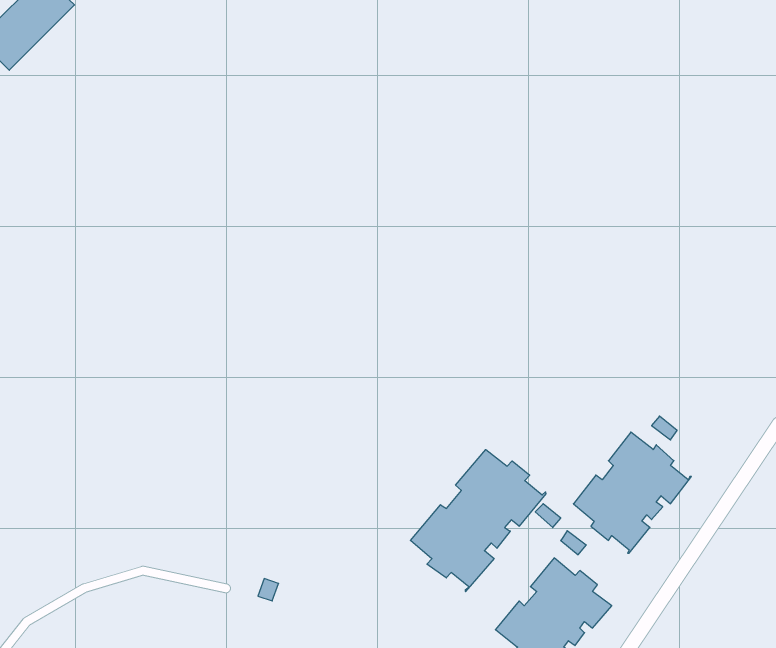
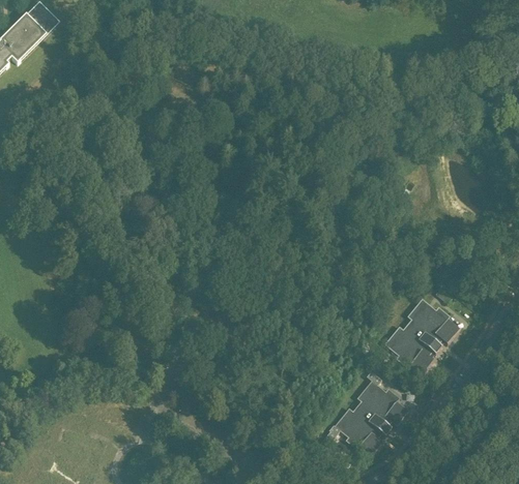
building: [410,450,546,592] -> none

